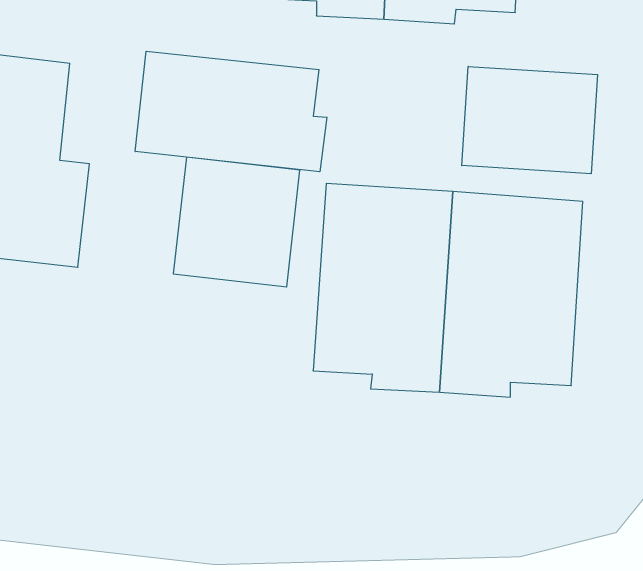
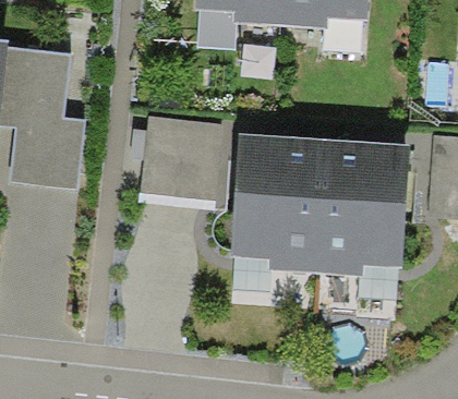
building: [135,51,327,172] -> none
building: [462,66,598,174] -> none

